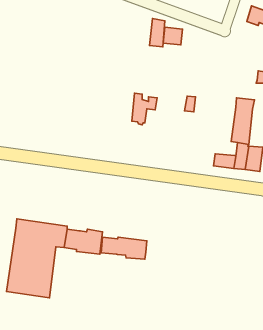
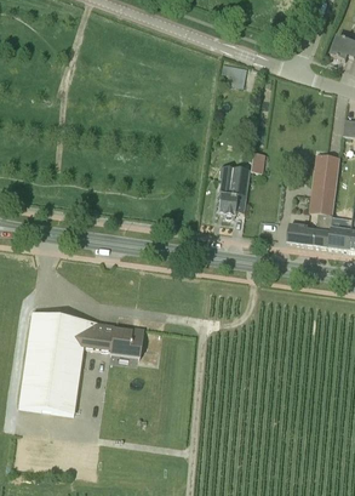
building: [150,19,165,47] -> none
building: [132,93,157,125] -> [217,177,250,218]
building: [101,237,147,259] -> none

